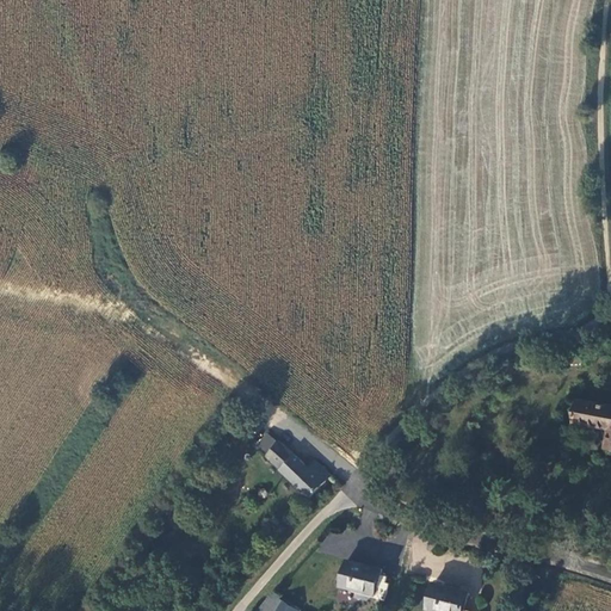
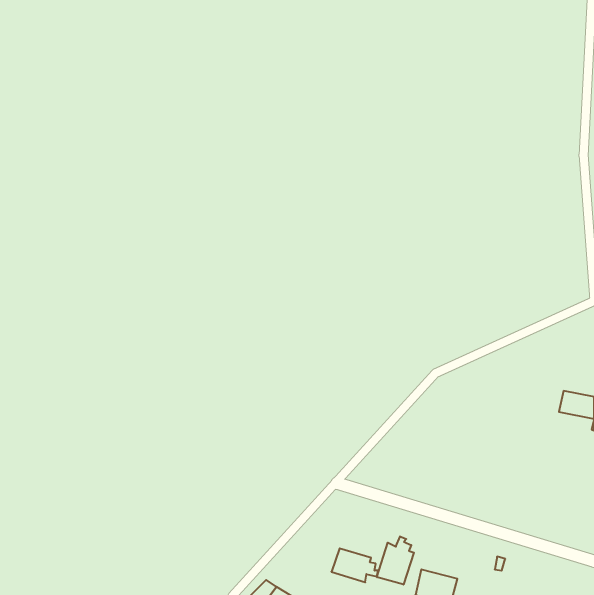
building: [254,434,328,498] -> none
building: none -> [377,536,414,585]

